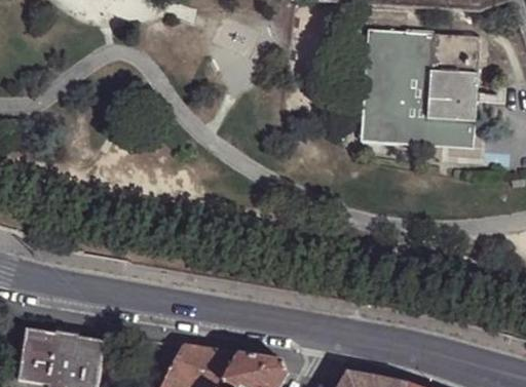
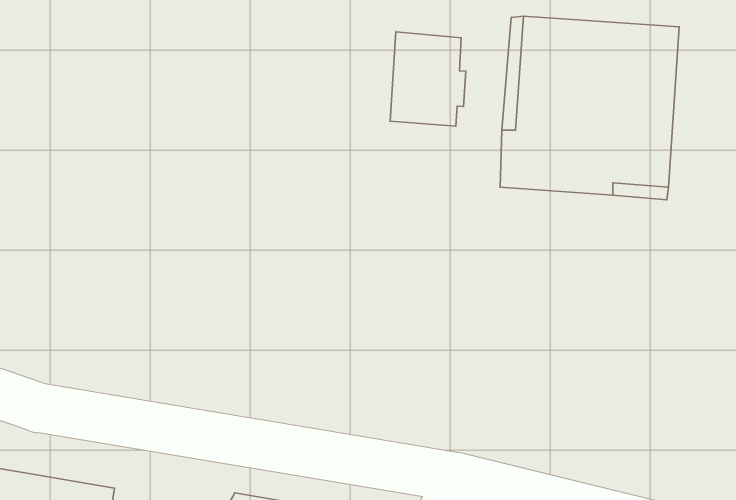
building: none -> [390,32,466,126]

